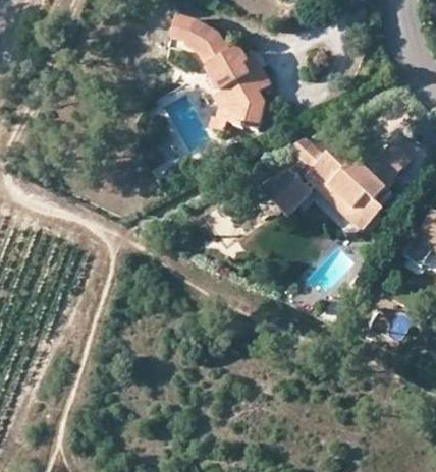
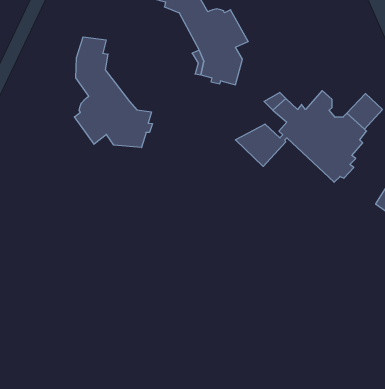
building: none -> [74,37,152,148]

